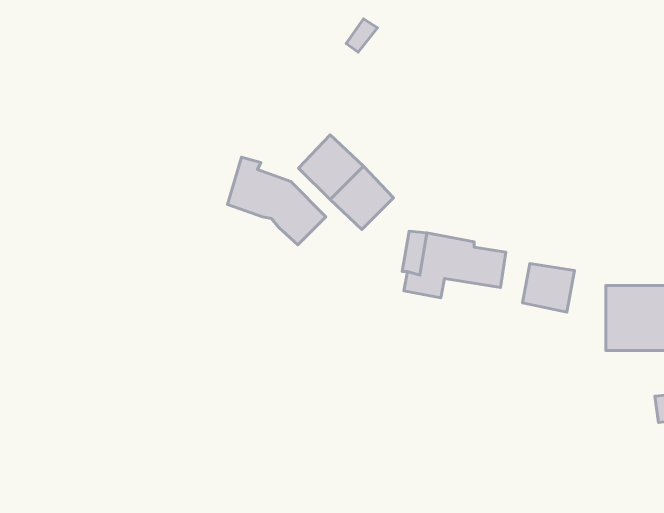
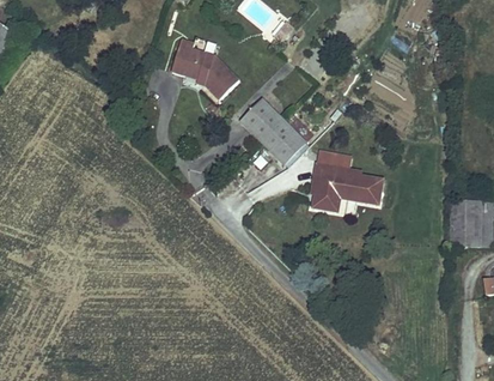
building: [228,157,326,245] -> [170,38,237,98]
building: [522,263,575,312] -> none

